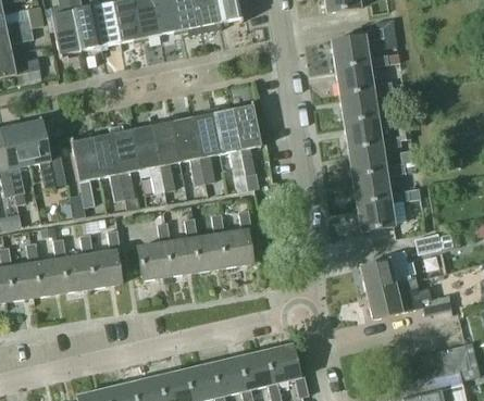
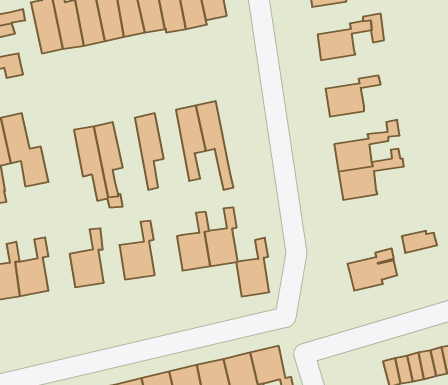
building: [334,50,399,92] -> none
building: [231,100,261,175] -> none
building: [343,108,397,147] -> none
building: [171,113,204,185] -> none
building: [129,121,164,193] -> none
building: [70,133,100,208] -> none
building: [356,187,420,229] -> none
building: [165,217,198,275] -> [236,238,269,297]
building: [61,234,92,290] -> none
building: [367,274,451,317] -> none

